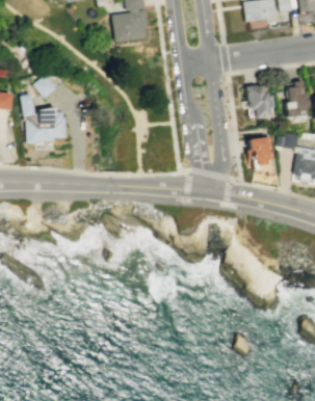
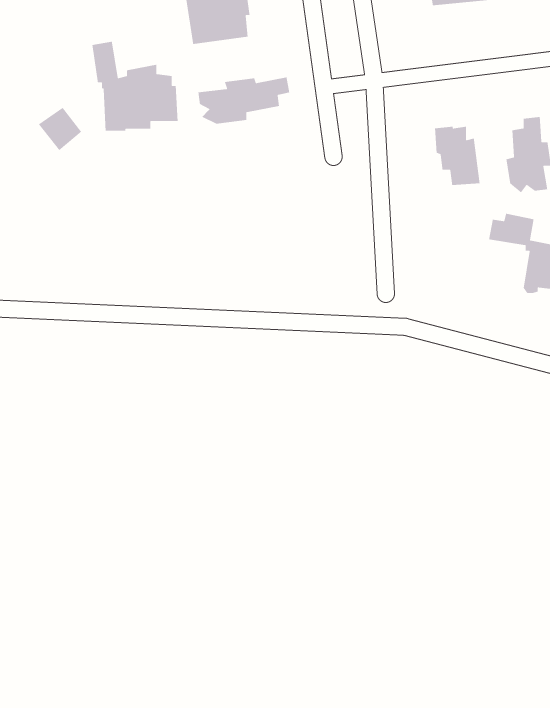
building: none -> [197,77,290,125]
building: [20,93,67,142] -> [91,41,178,132]
building: [248,136,273,165] -> none

